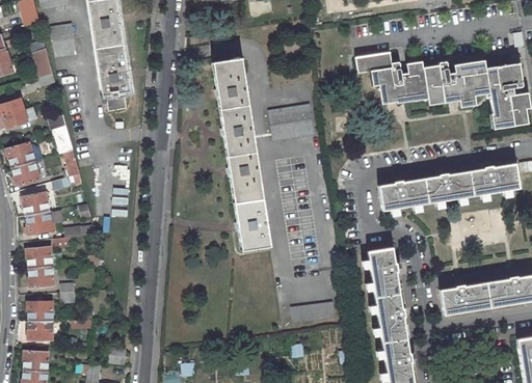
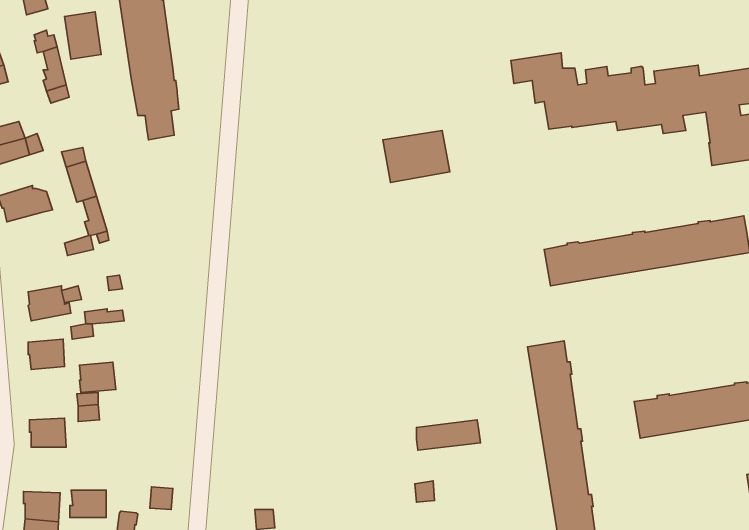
building: [213,58,270,250] -> none
building: [12,161,41,186] -> none
building: [22,192,50,215] -> none
building: [29,266,54,286] -> [79,362,116,392]
building: [28,321,53,339] -> [70,490,106,518]

